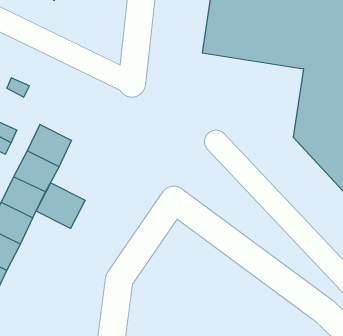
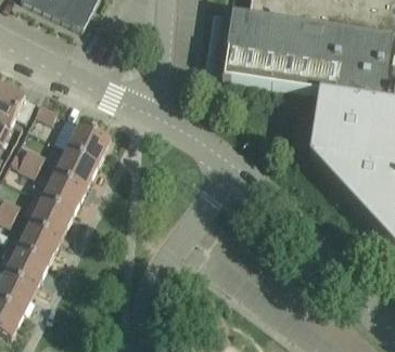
building: none -> [67,122,111,162]
building: [36,183,85,228] -> none

